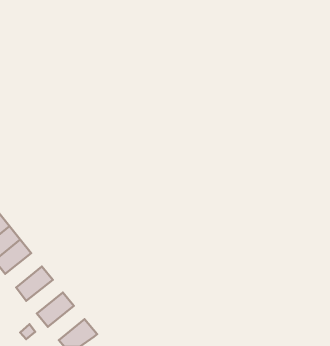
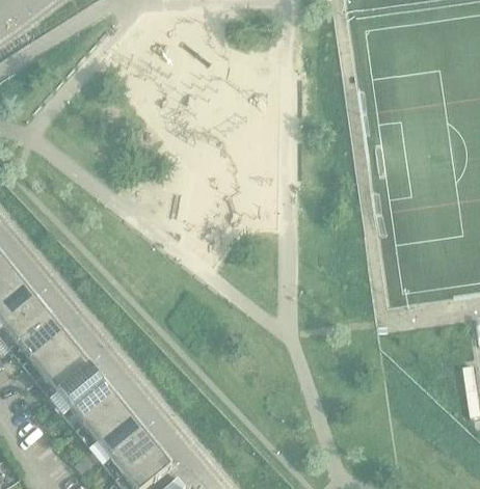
building: none -> [52,363,98,406]
building: none -> [78,397,124,438]
building: none -> [105,429,151,471]

